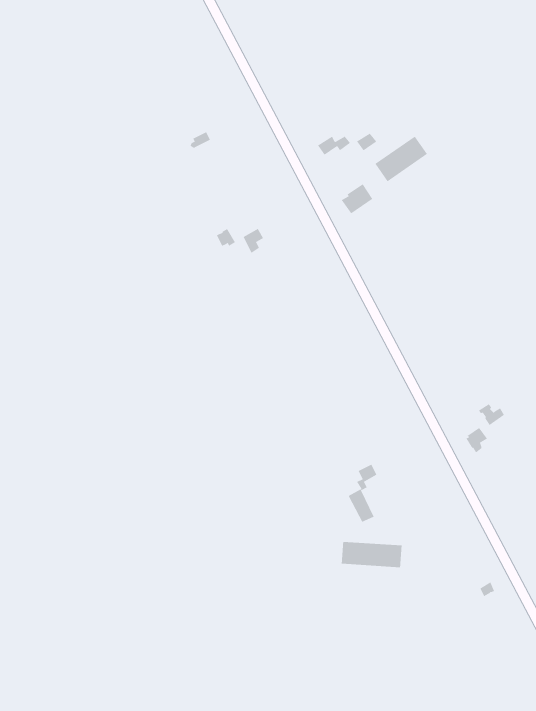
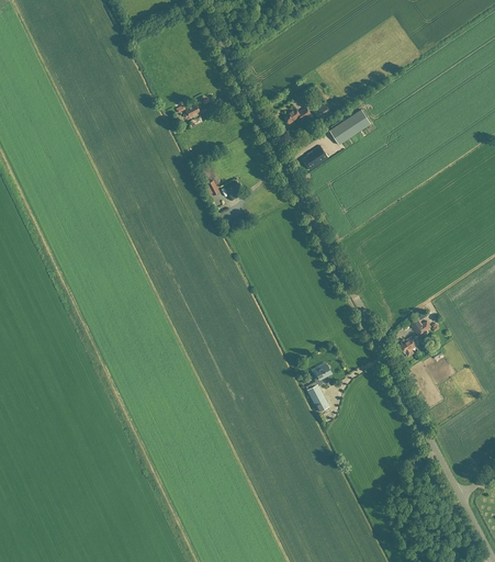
building: [341,541,402,568] -> none

